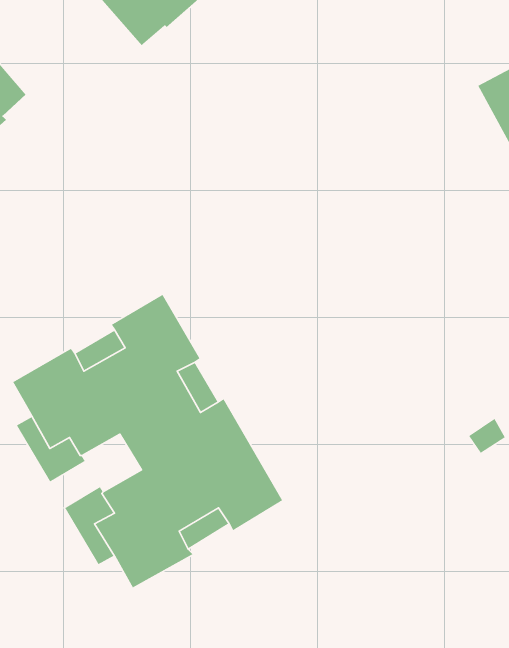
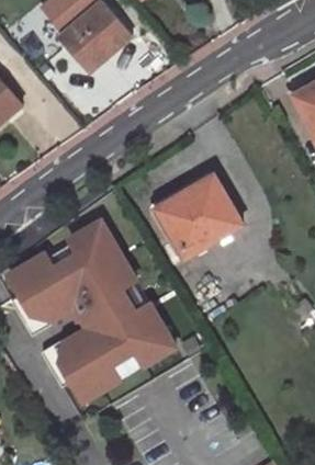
building: none -> [156,177,239,257]

